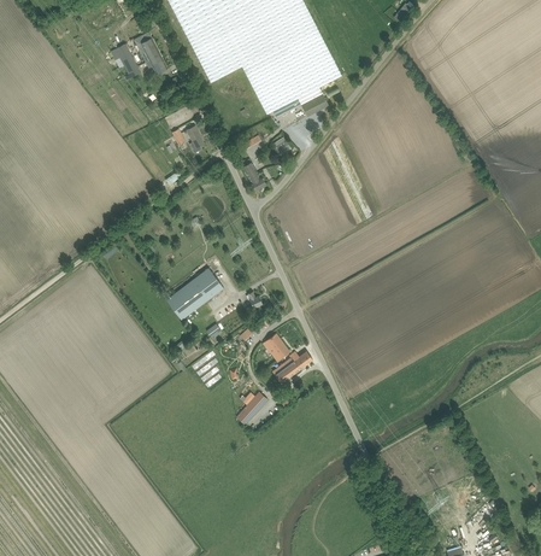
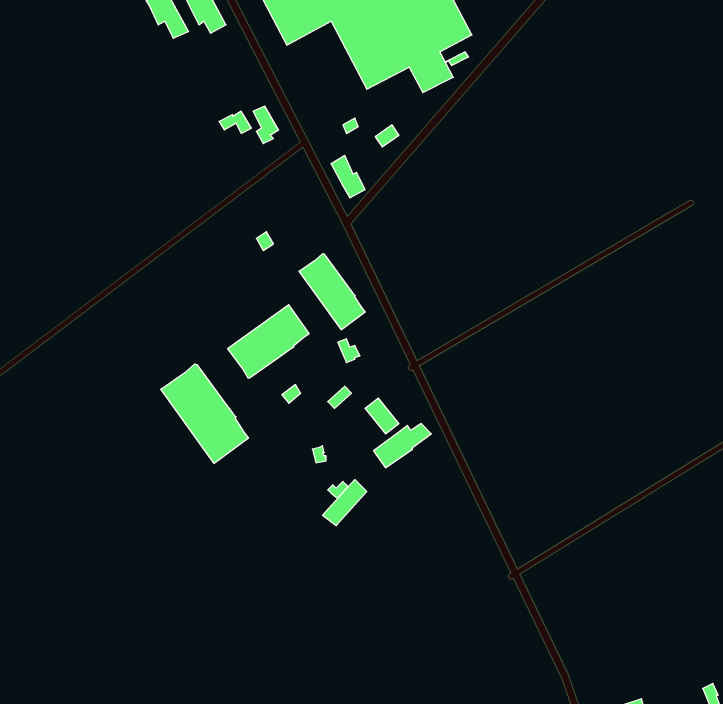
building: none -> [299,254,365,330]
building: none -> [161,364,248,463]

